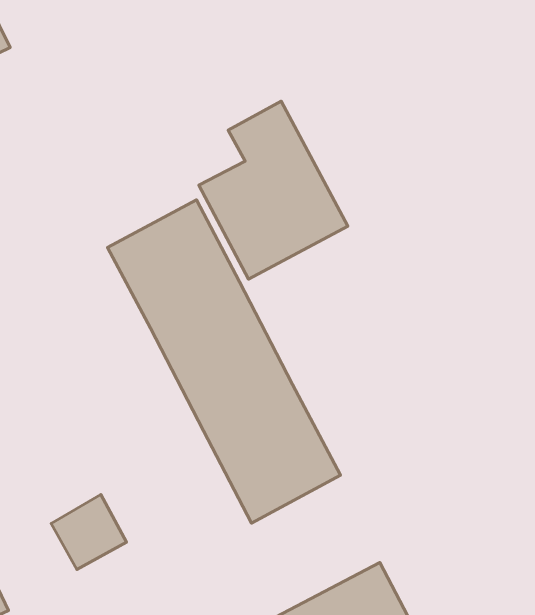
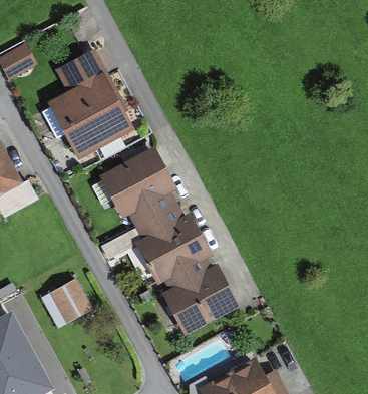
building: [199,101,348,279] -> [48,55,135,159]
building: [51,494,127,570] -> [43,282,87,326]

